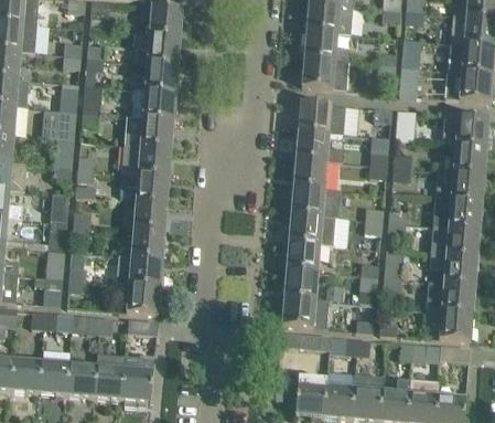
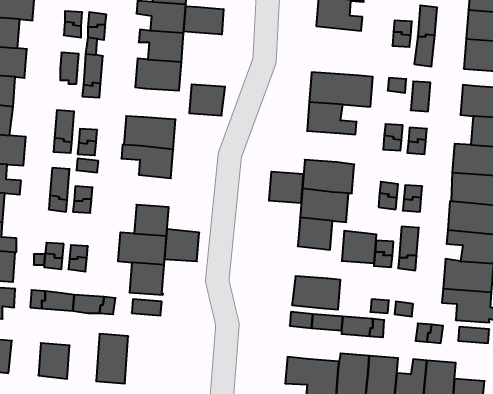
building: none -> [184,6,224,35]
building: [302,56,348,88] -> none
building: [42,107,76,138] -> none
building: [140,116,174,146] -> [189,84,225,116]
building: [294,157,327,187] -> [269,172,304,203]
building: [133,199,166,230] -> [165,229,199,261]
building: [286,267,319,298] -> [342,231,376,263]
building: [122,353,154,402] -> none
building: [11,358,42,391] -> none
building: [67,362,97,396] -> none

